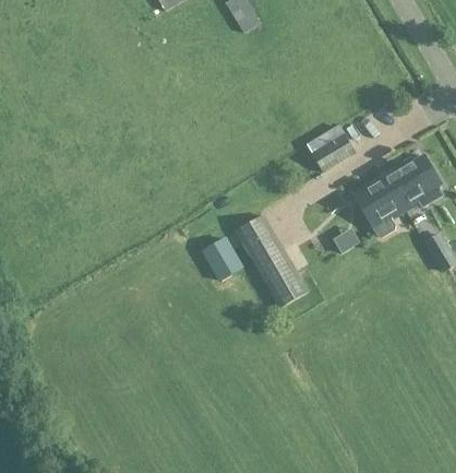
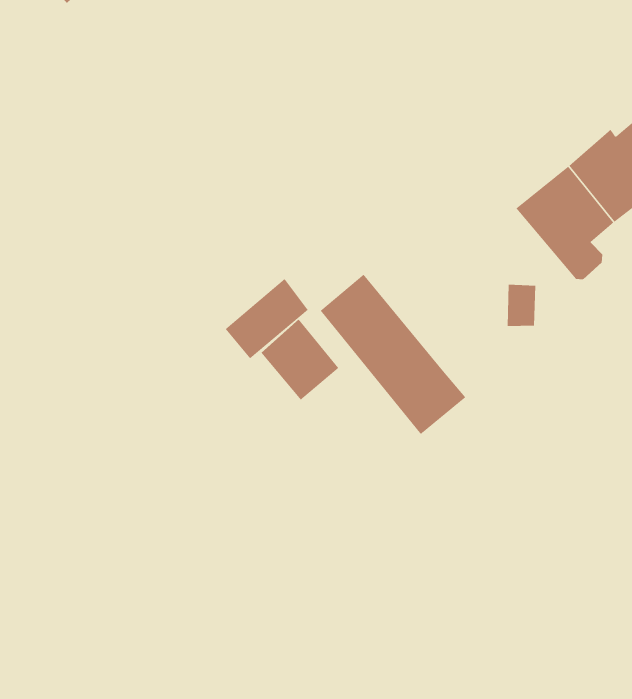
building: [312,132,355,170] -> none
building: none -> [225,278,309,359]

